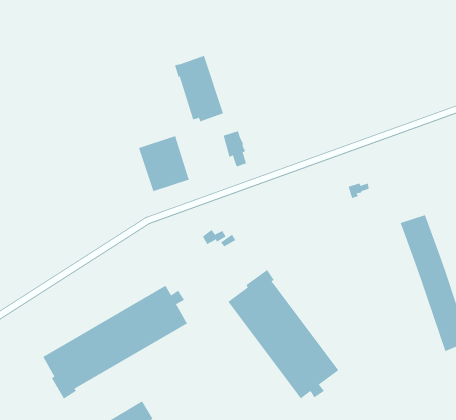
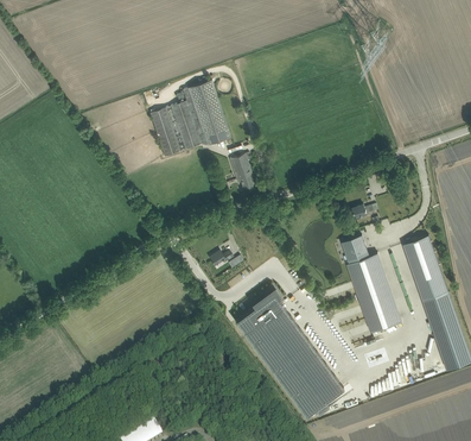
building: [138,136,190,192] -> [151,101,202,156]
building: none -> [343,235,401,332]
building: [42,285,188,399] -> none

